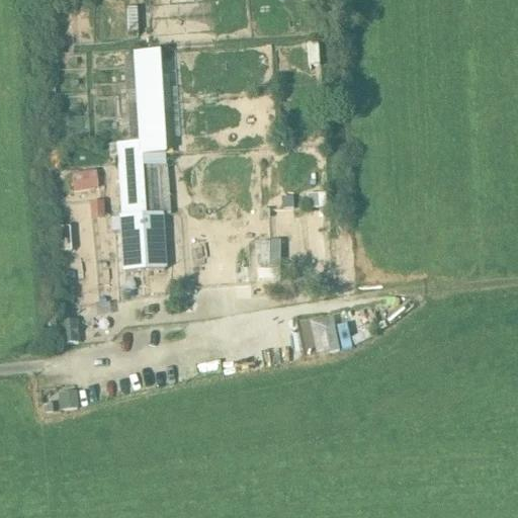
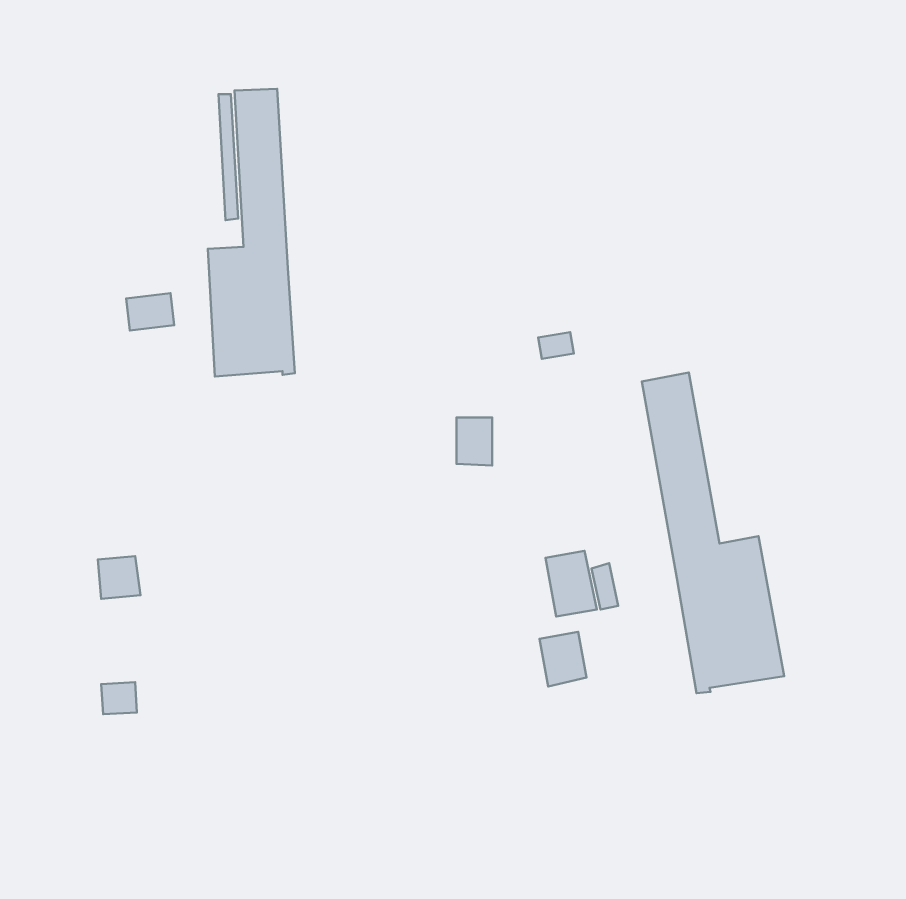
building: [121,211,165,270] -> none
building: none -> [642,372,784,693]
building: none -> [540,632,587,686]

